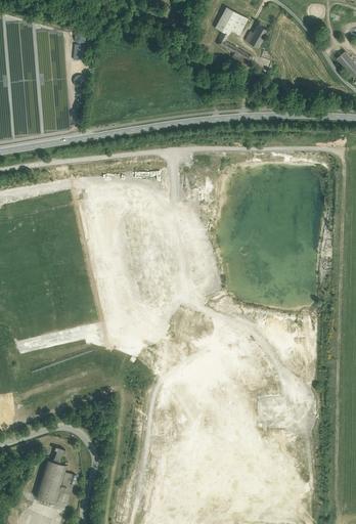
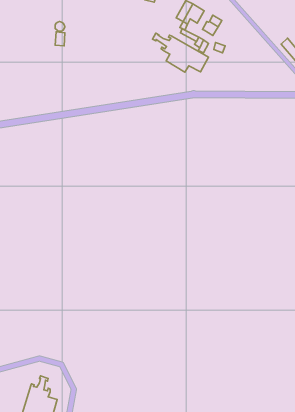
building: none -> [153,33,208,72]

